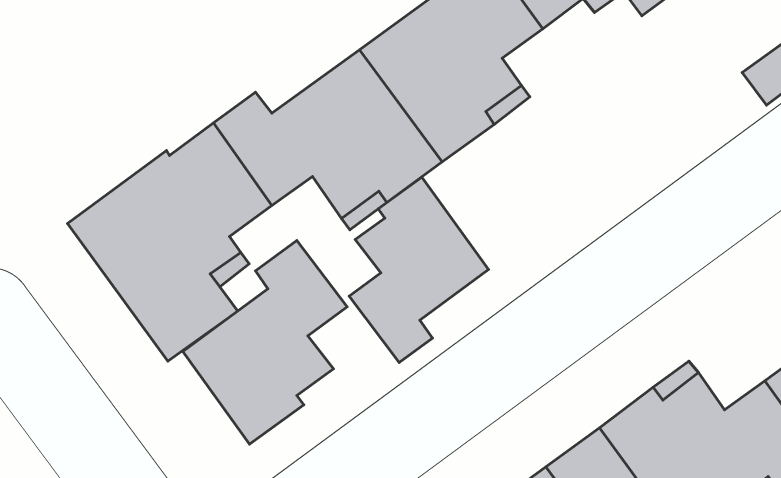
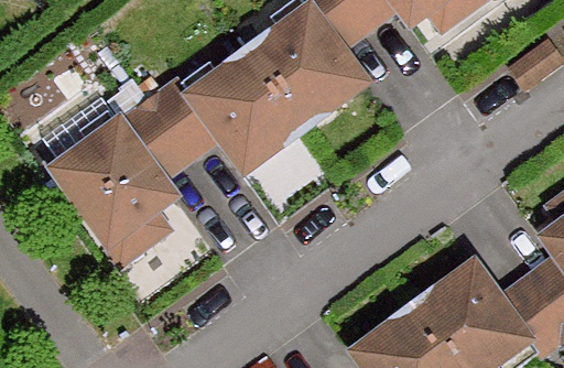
building: [349,177,489,362] -> none
building: [183,241,347,444] -> none

